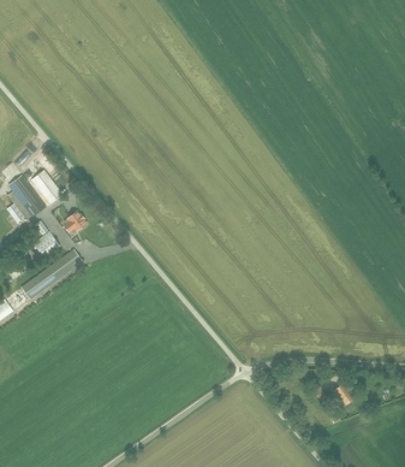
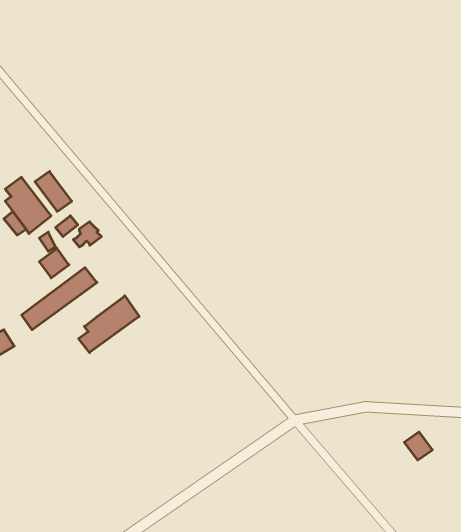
building: none -> [79,296,139,353]

